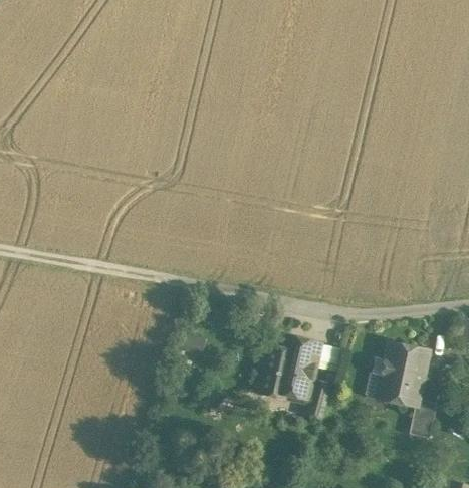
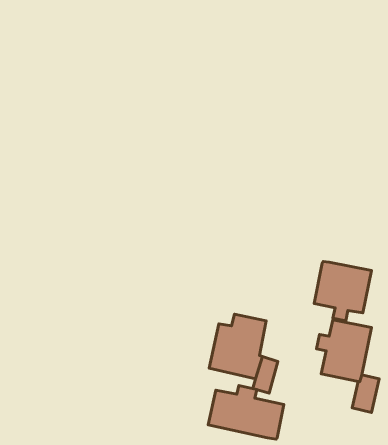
building: none -> [314,261,372,321]
building: none -> [208,386,284,439]

